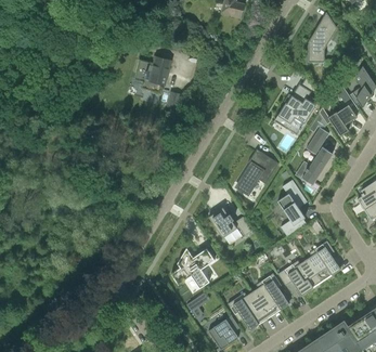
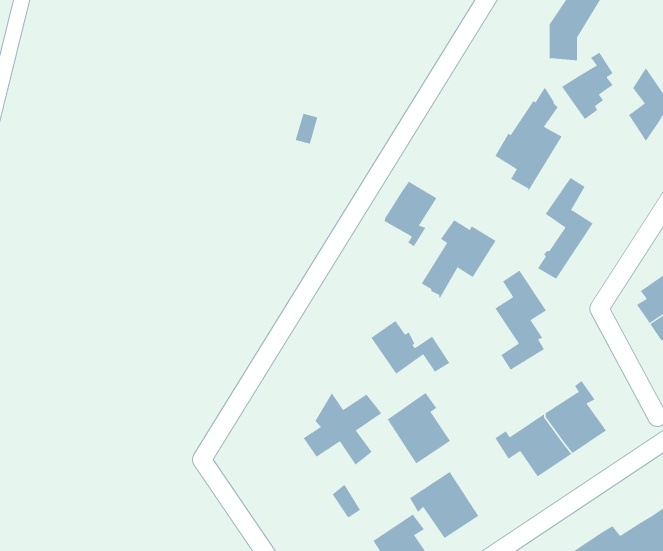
building: [133,56,170,92] -> none
building: [327,97,356,135] -> [561,52,613,120]
building: none -> [384,181,437,247]
building: [252,276,288,316] -> [387,392,451,464]

